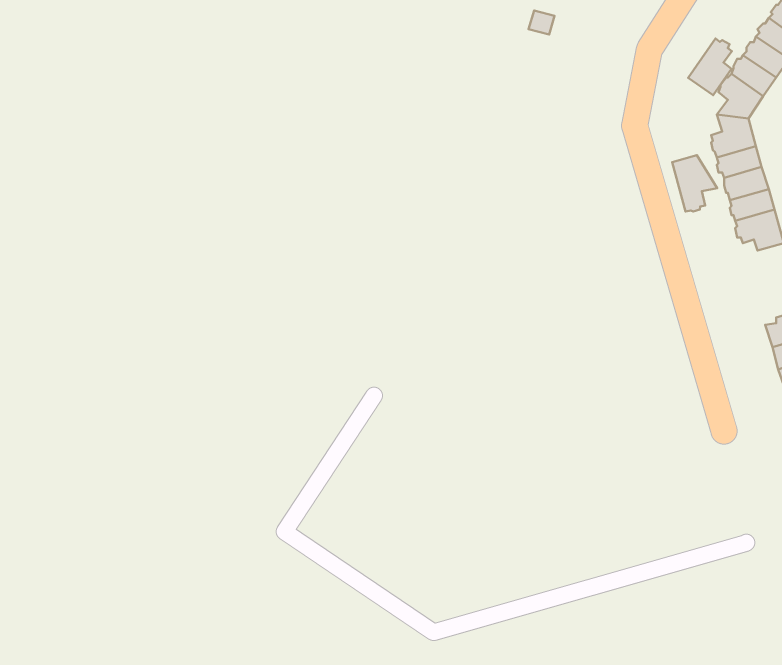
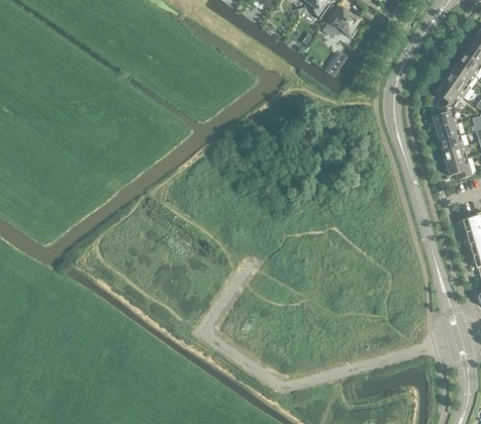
building: [688,38,732,95] -> none
building: [672,155,717,211] -> none

